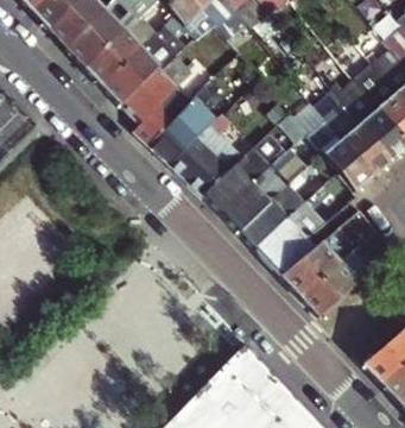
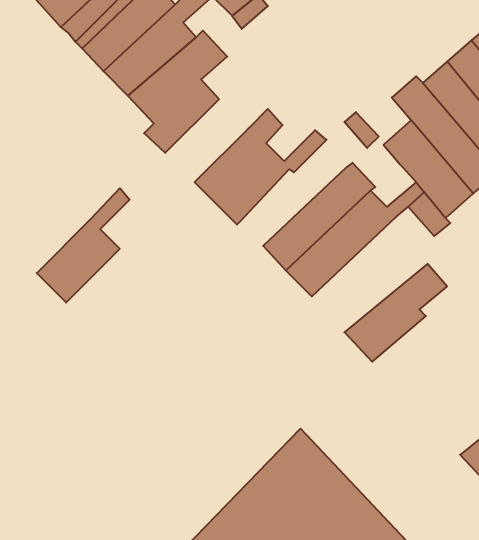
building: [148,83,216,166] -> [37,188,130,303]
building: [203,138,280,213] -> none
building: [255,191,336,276] -> none
building: [299,251,372,316] -> none

